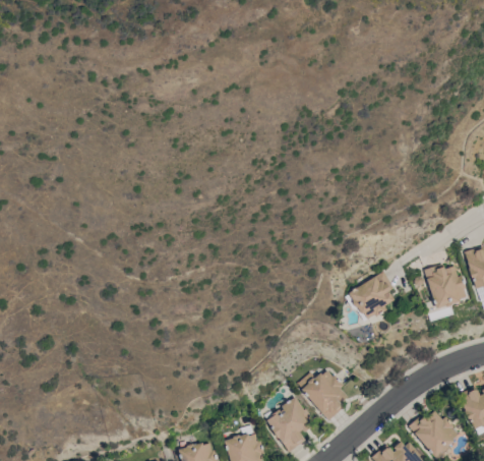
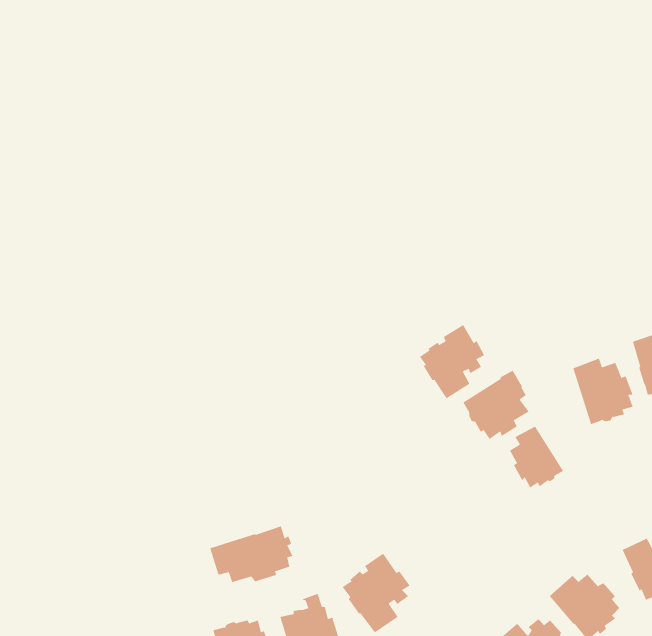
building: none -> [419,324,485,399]
building: none -> [509,426,564,488]
building: [302,370,347,420] -> none
building: none -> [210,526,293,583]

